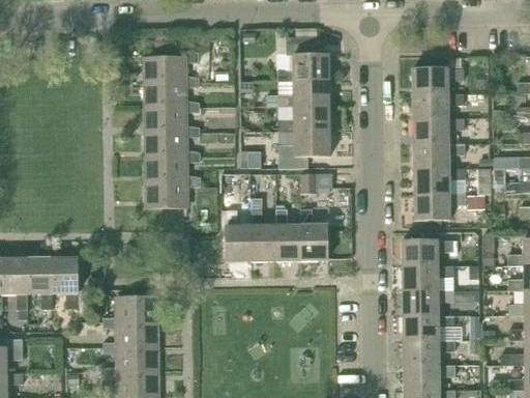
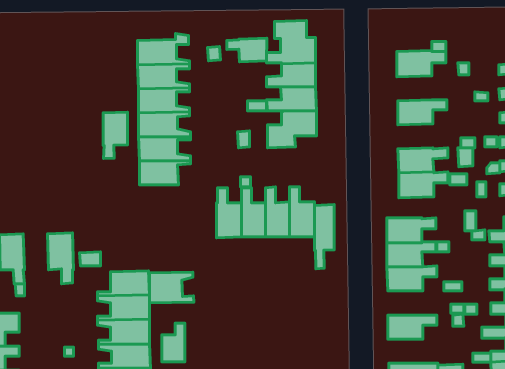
building: none -> [227,38,267,62]
building: [412,93,464,119] -> none
building: none -> [103,112,128,158]
building: [413,143,465,169] -> none
building: [299,173,330,193] -> none
building: none -> [315,205,334,269]
building: [26,257,52,309] -> none
building: none -> [149,272,194,303]
building: [403,315,453,341] -> none
building: none -> [162,323,185,362]
building: [403,365,453,391] -> none

